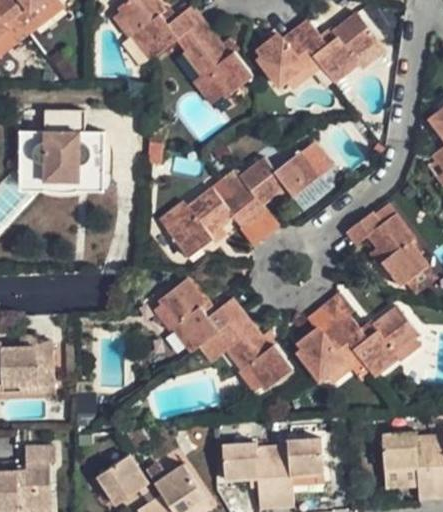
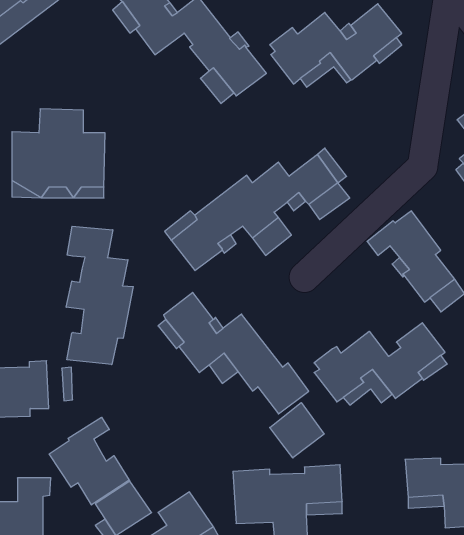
building: none -> [66,226,133,365]
building: [306,292,354,334] -> none
building: none -> [270,403,324,458]
building: none -> [49,417,129,505]

